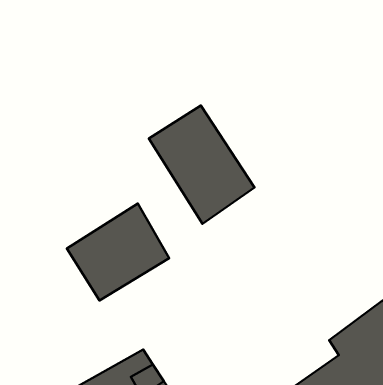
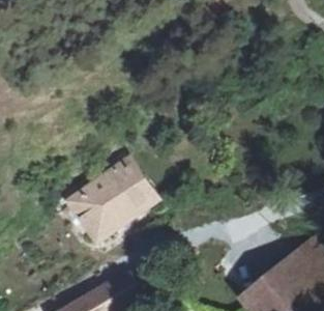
building: [149,105,254,224] -> none

